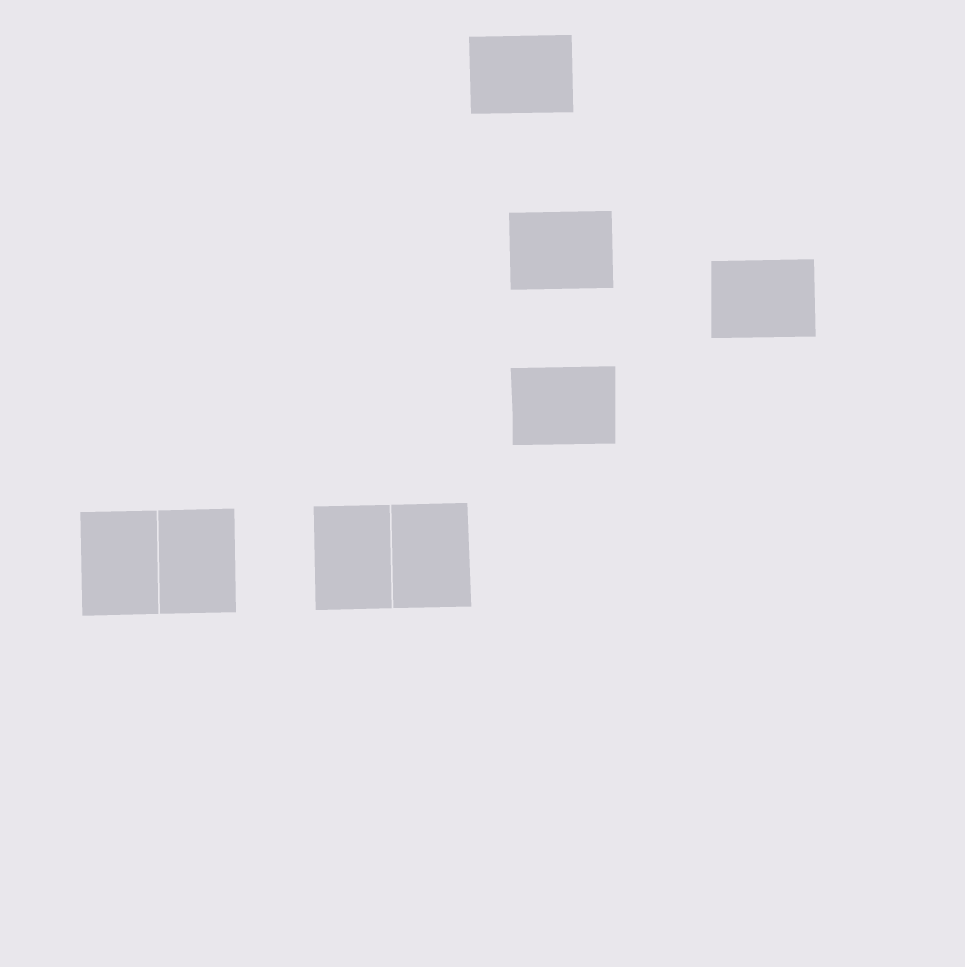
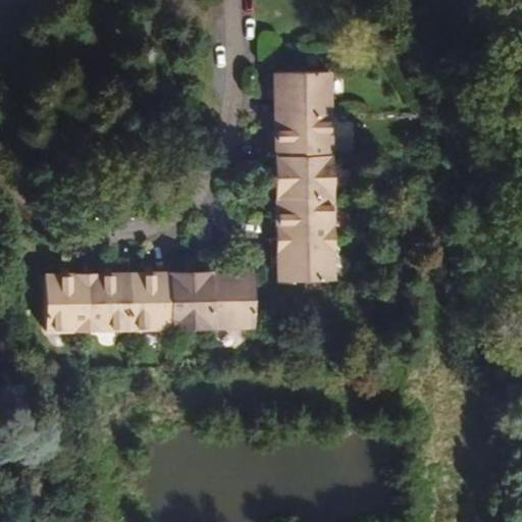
building: [468,35,574,114] -> [274,72,331,115]
building: [710,259,817,339] -> [276,156,333,199]
building: none -> [277,240,334,282]
building: none -> [128,273,171,330]

